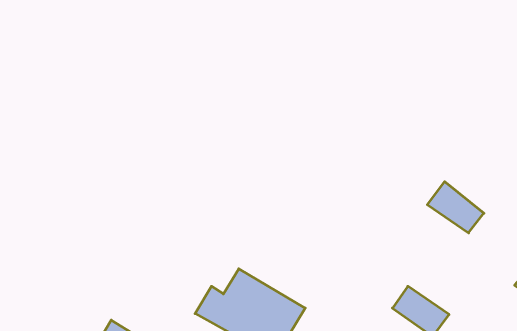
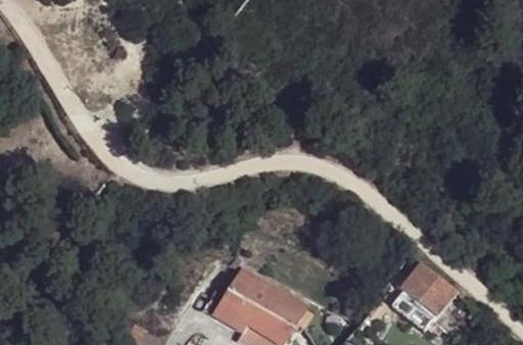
building: [427,182,484,233] -> [402,264,456,312]

